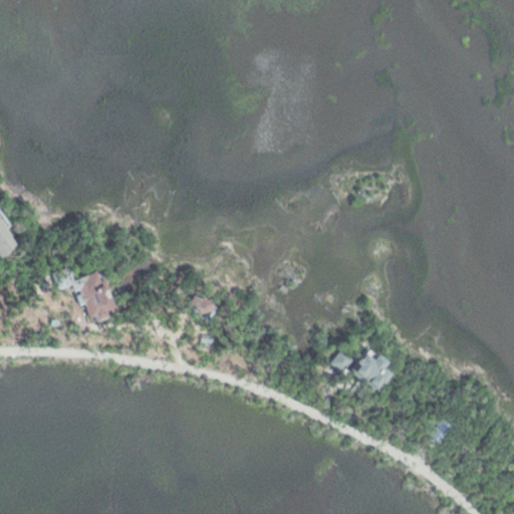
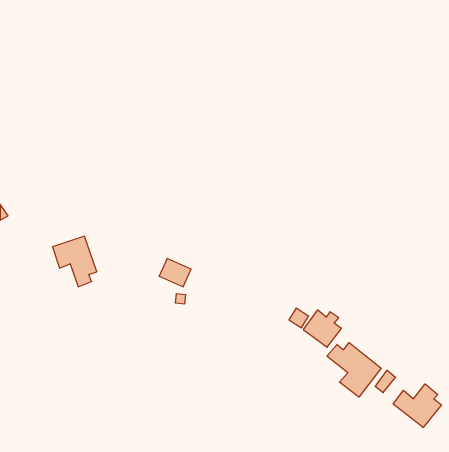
building: none -> [327,343,381,397]
building: none -> [393,384,441,428]

